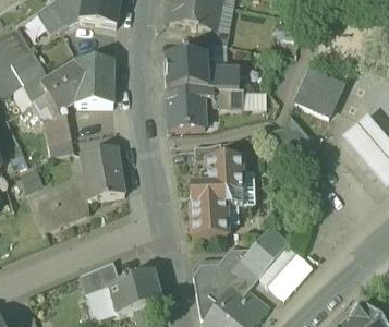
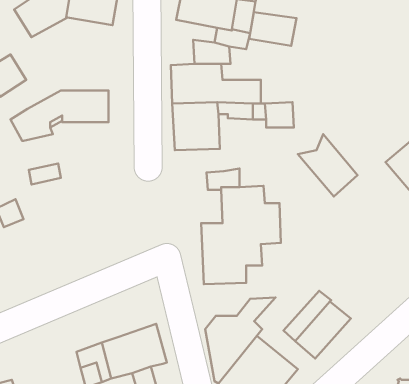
building: none -> [249,12,297,46]
building: [40,58,113,93] -> none
building: [295,70,343,116] -> none
building: [44,113,72,143] -> none
building: [32,145,125,229] -> none
building: [233,227,287,283] -> none
building: [81,258,121,292] -> none

